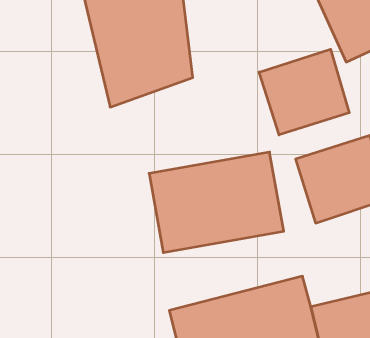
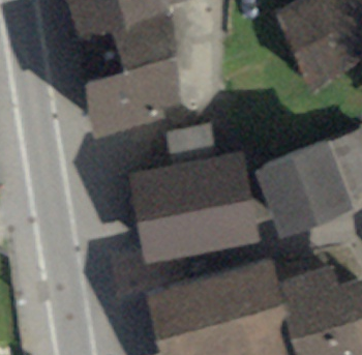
building: [259,49,349,135] -> none

